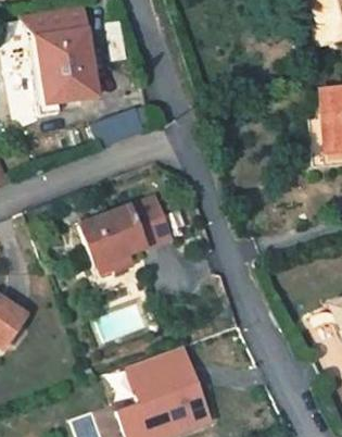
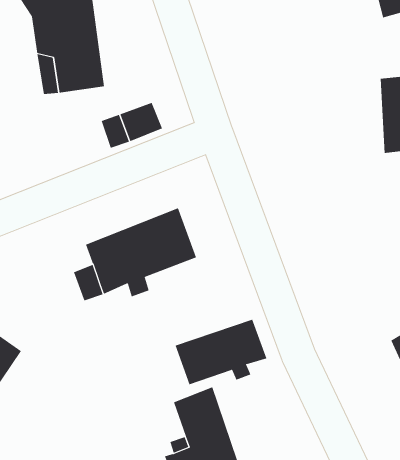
building: none -> [175,319,267,385]

